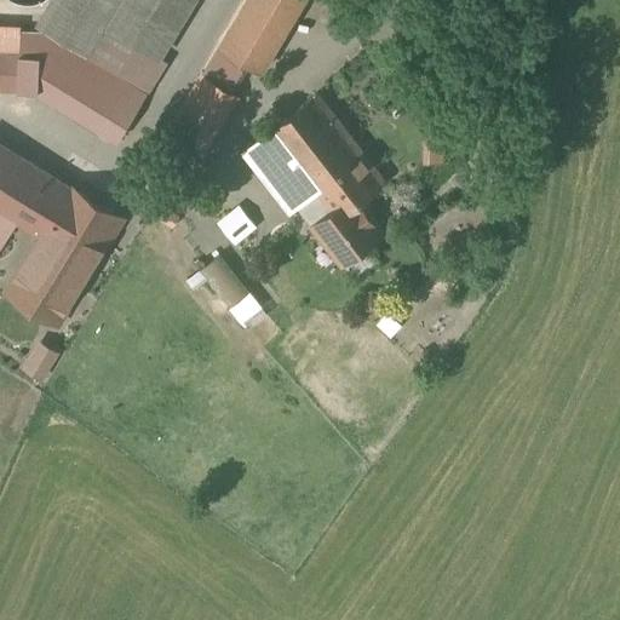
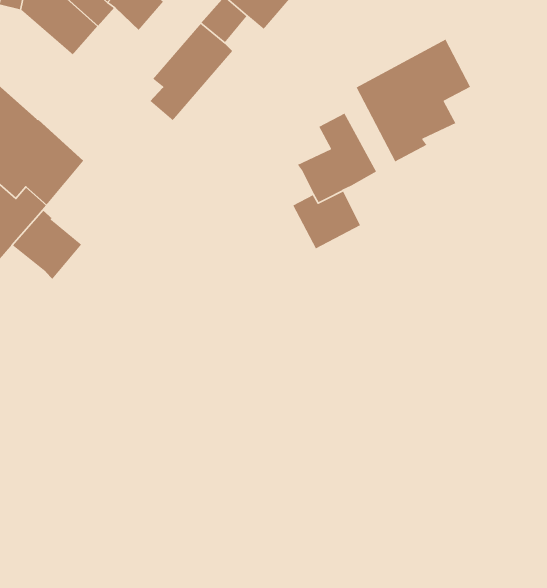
building: [93,78,149,144] -> none
building: [243,96,348,216] -> [356,38,471,162]
building: none -> [12,210,82,280]

